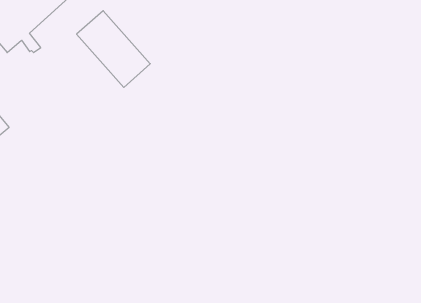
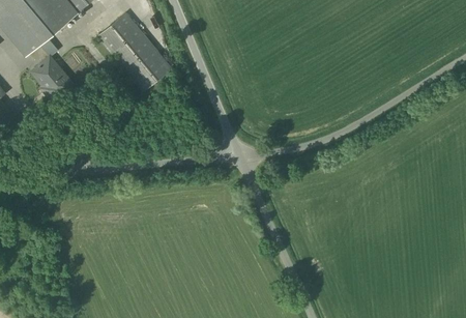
building: none -> [29,54,76,103]

